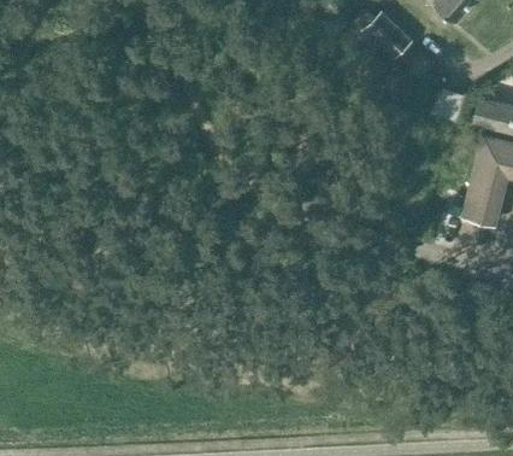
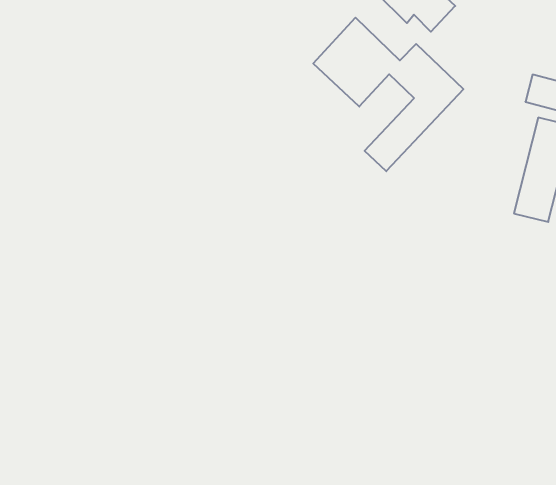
building: none -> [313,18,463,171]

